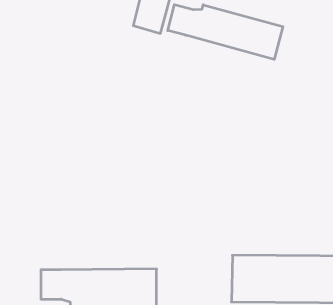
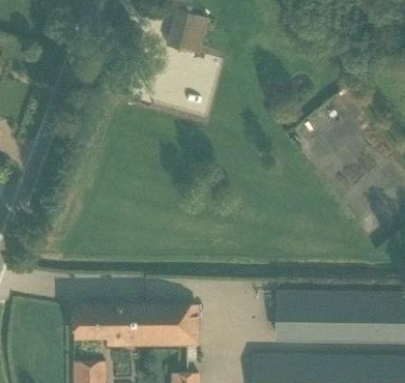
building: [168,5,283,59] -> none

